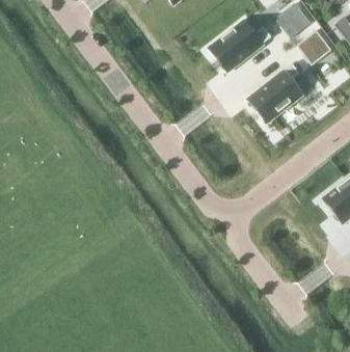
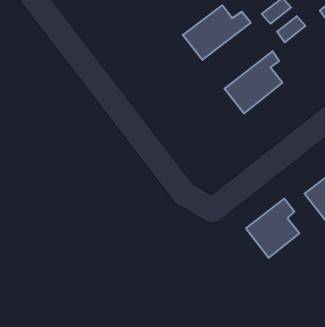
building: none -> [246,199,299,258]

